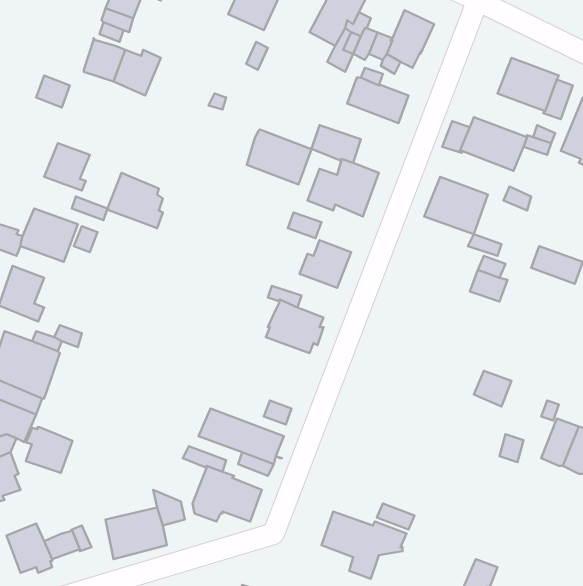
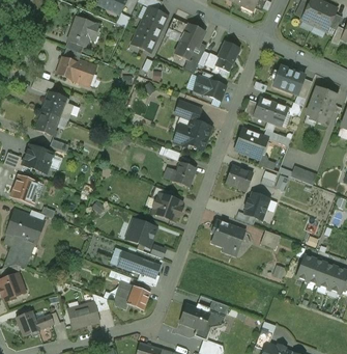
building: [247,130,312,184] -> none
building: [107,173,163,228] -> [41,91,70,120]
building: none -> [226,165,253,191]
building: none -> [244,193,268,221]
building: none -> [128,219,155,245]
building: none -> [210,219,245,255]
building: [26,427,72,473] -> none

